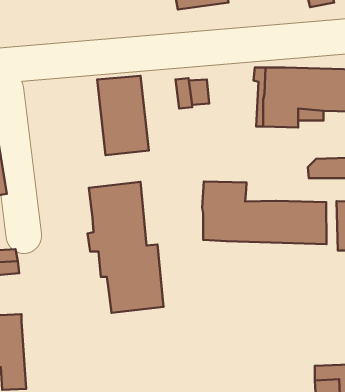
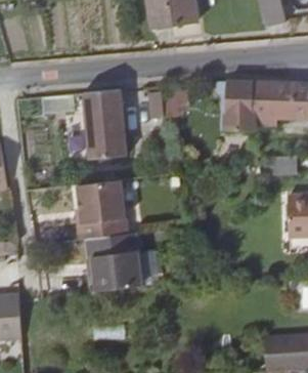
building: [202,181,326,244] -> none

